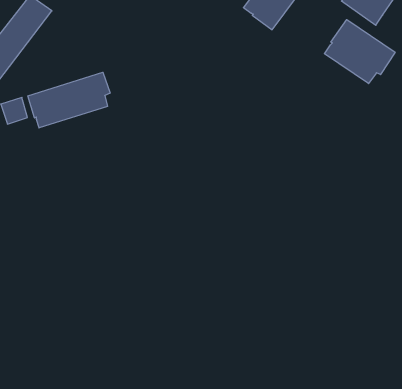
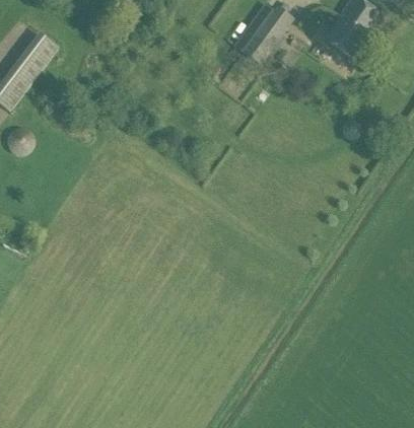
building: [324,20,395,84] -> none
building: [28,72,110,128] -> none

